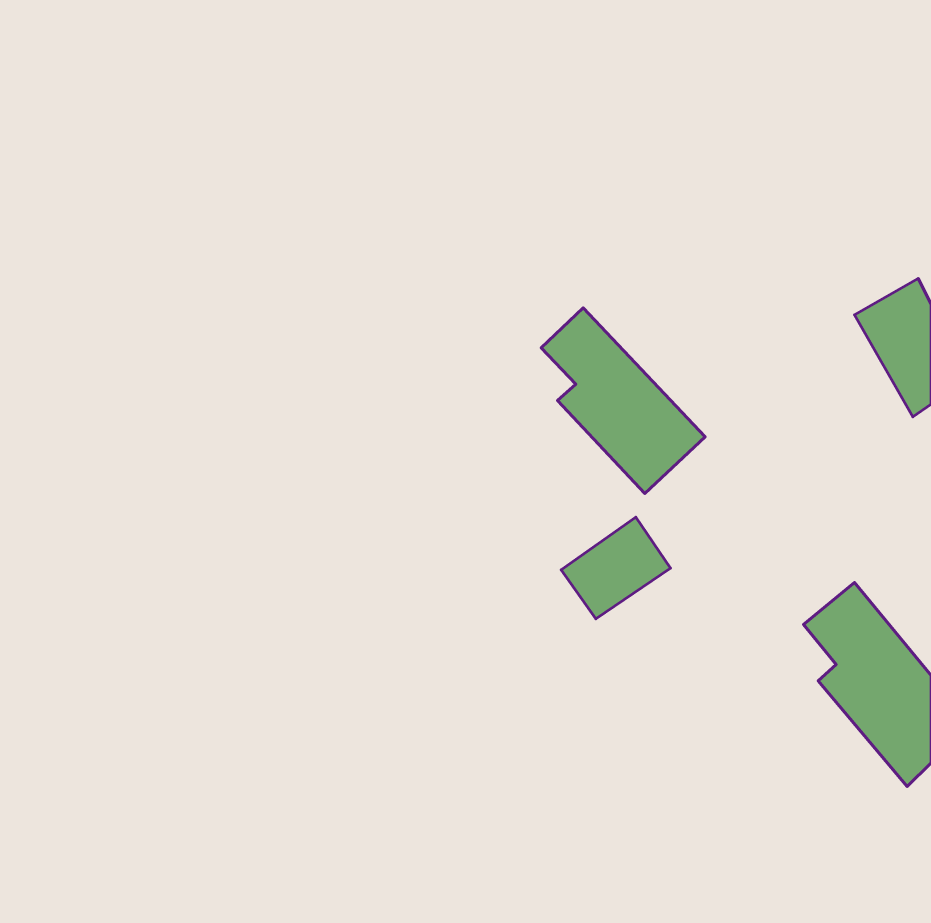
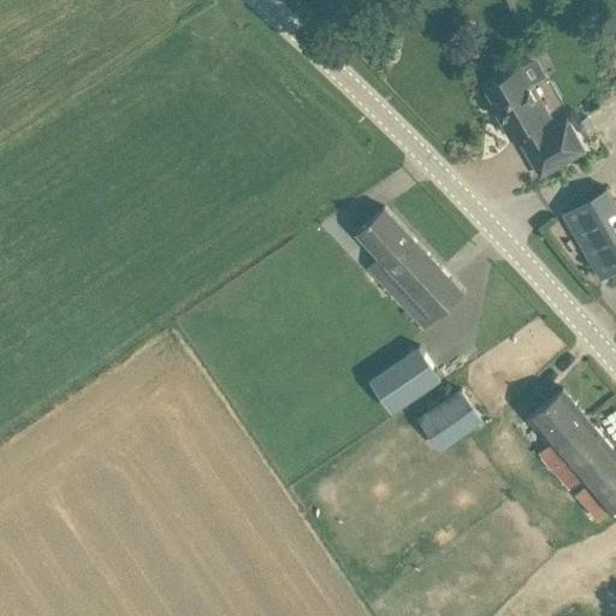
building: none -> [486,67,585,178]
building: none -> [421,392,481,448]

